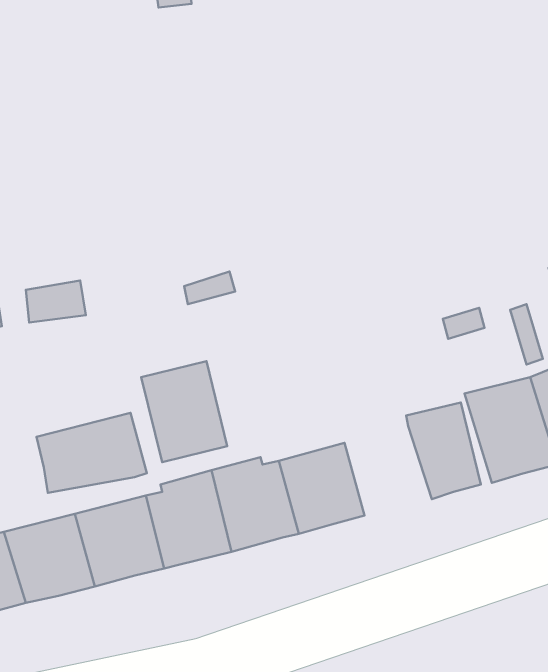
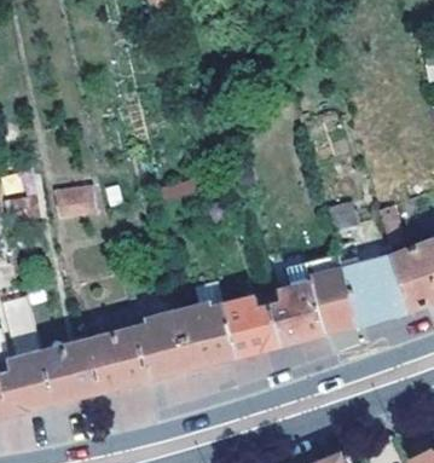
building: [141,361,227,462] -> none
building: [37,413,147,493] -> none
building: none -> [267,284,325,343]

